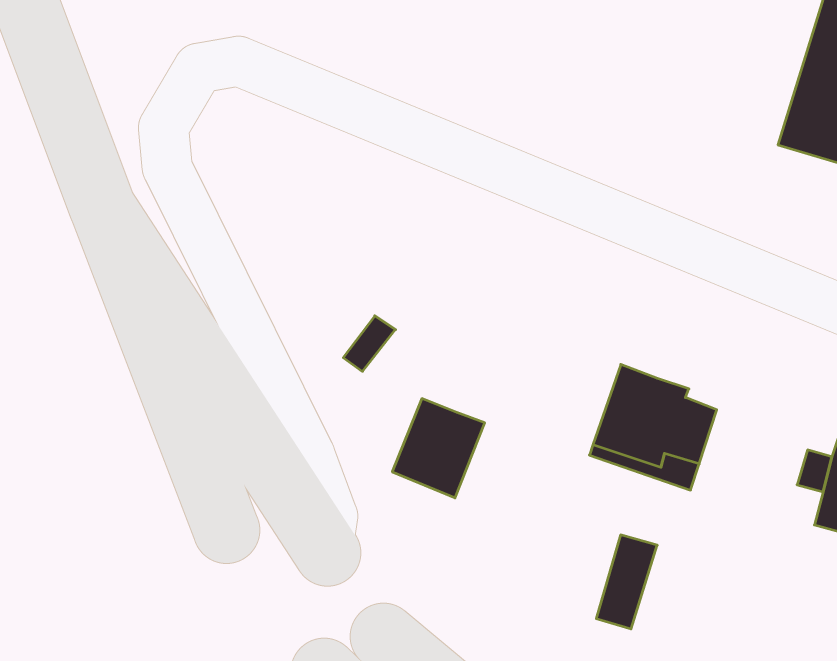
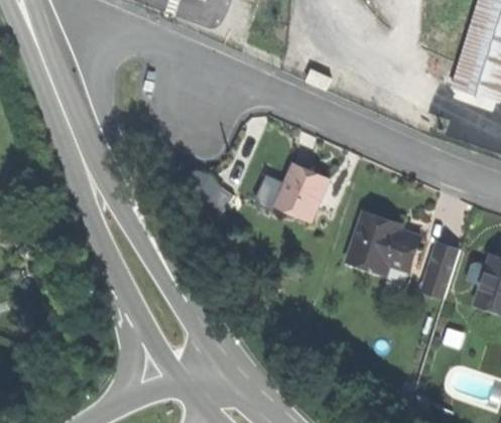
building: [392,399,485,498] -> [275,161,329,219]
building: [596,535,657,629] -> [423,242,459,296]

